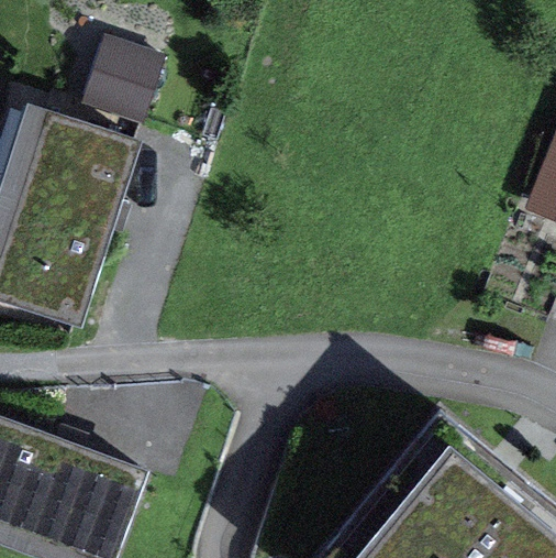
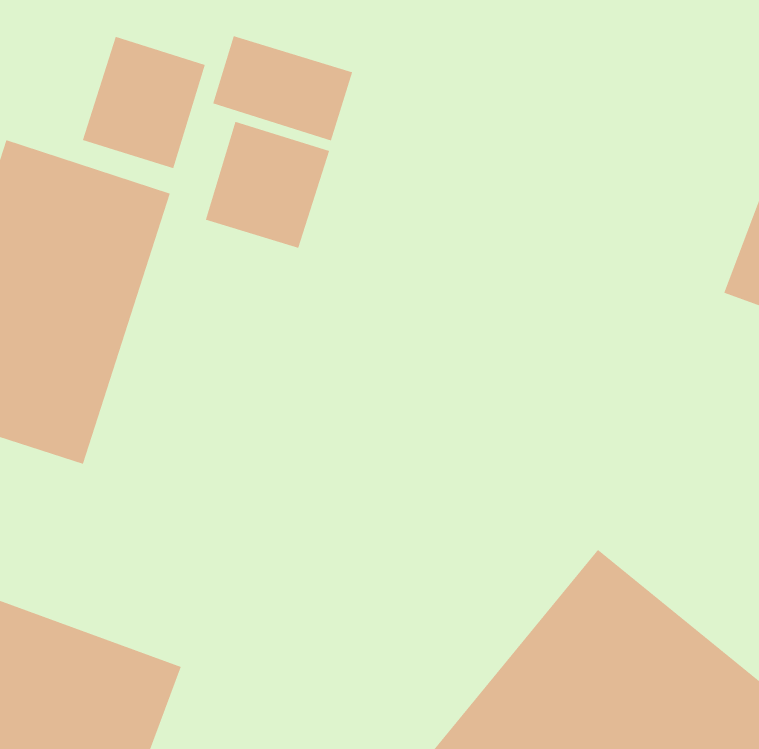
building: none -> [212,35,353,141]
building: none -> [205,121,330,249]

